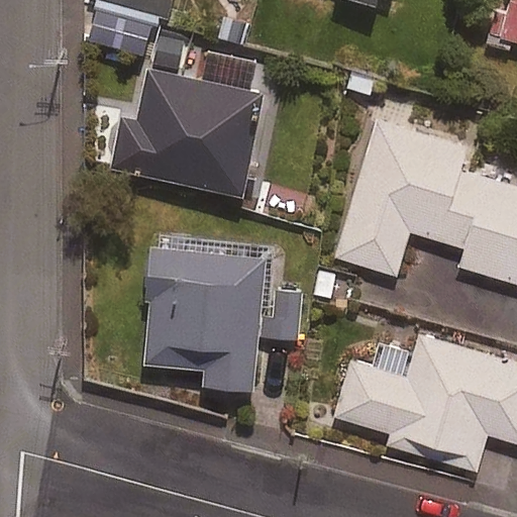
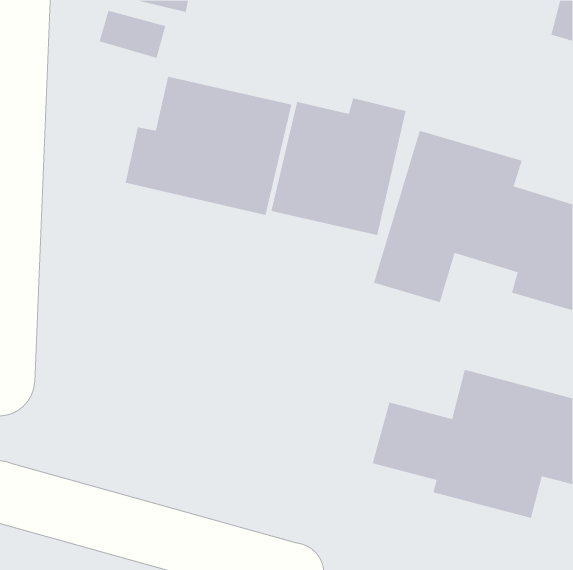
building: none -> [271,98,406,236]
building: [145,236,303,389] -> none

